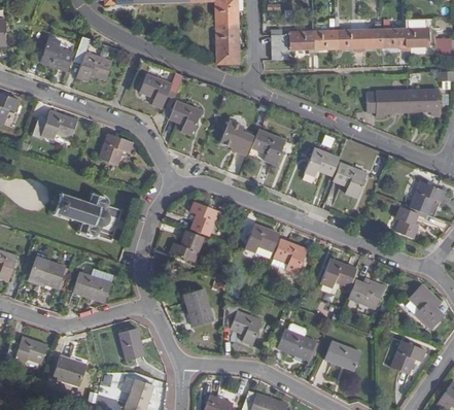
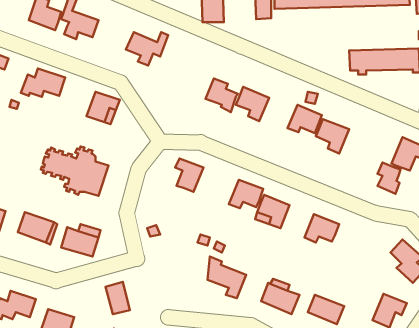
building: [169,100,201,135] -> none
building: [169,230,203,262] -> none
building: [348,280,384,308] -> none
building: [182,288,213,327] -> none

